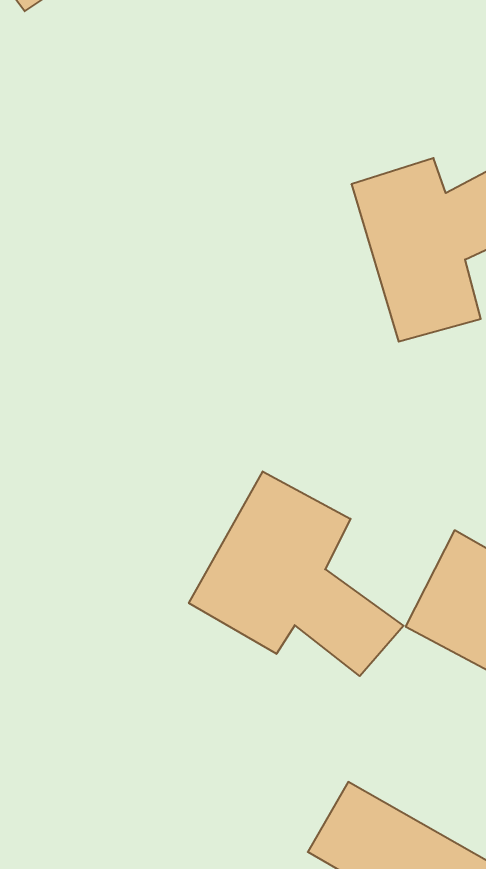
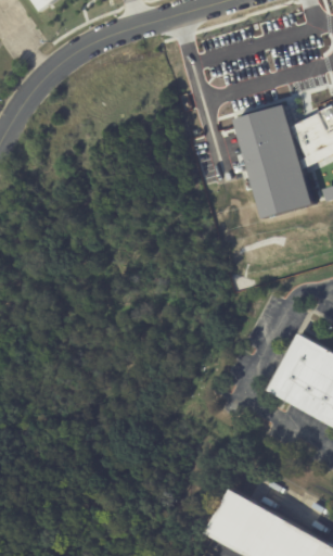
building: [189,471,404,676] -> none

